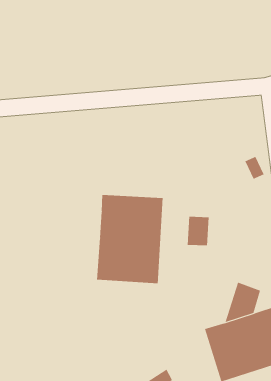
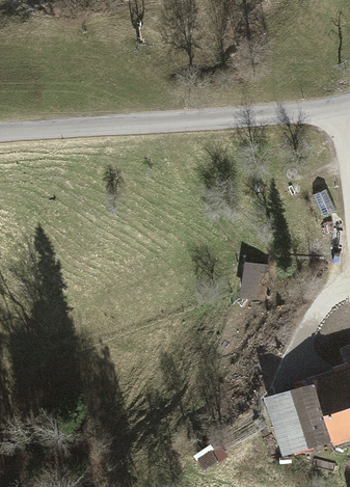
building: [97,194,163,284] -> none

